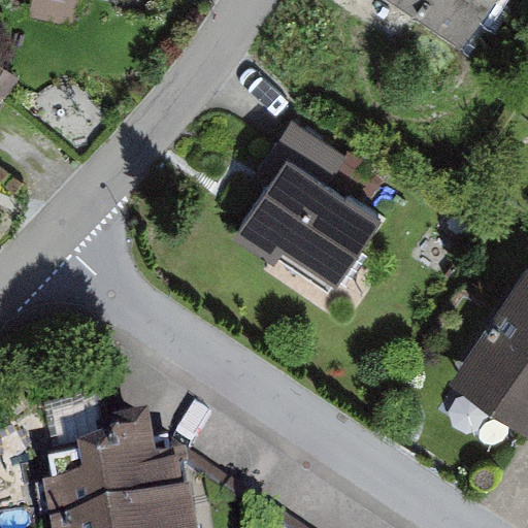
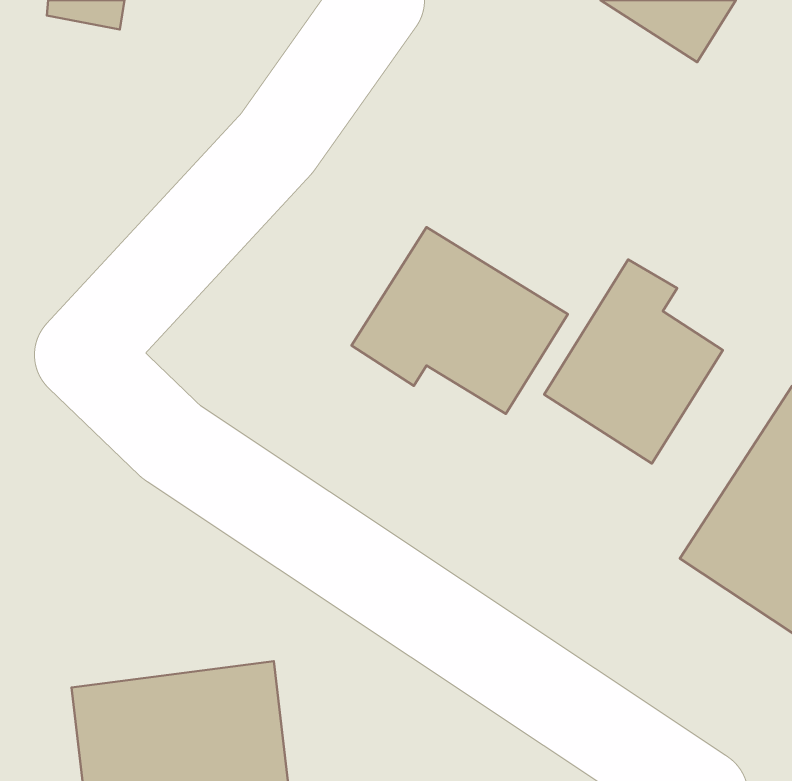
building: none -> [544,259,723,463]

